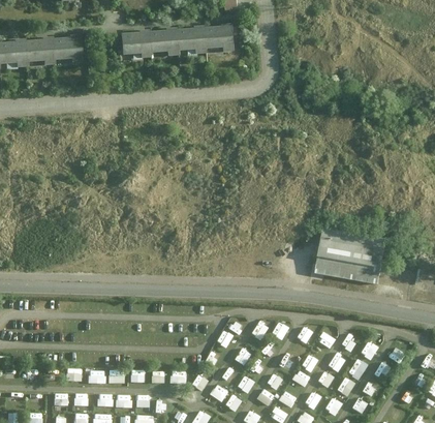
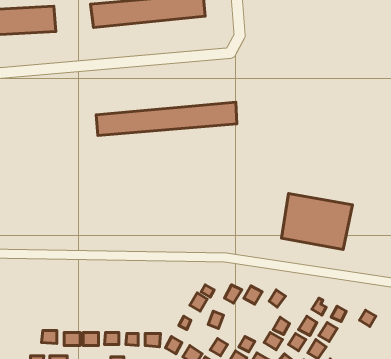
building: none -> [96,102,237,135]

